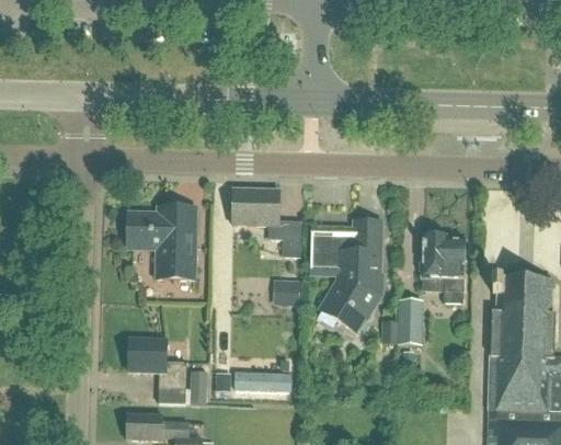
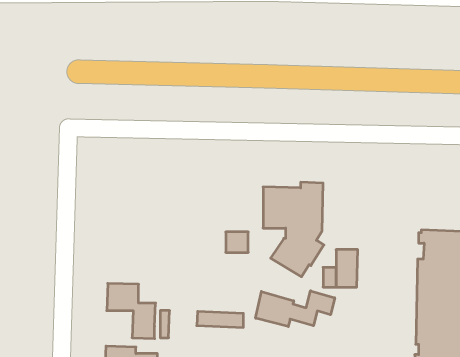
building: [233,189,301,256] -> none
building: [131,206,196,279] -> none
building: [422,233,466,303] -> none
building: none -> [256,291,335,327]

